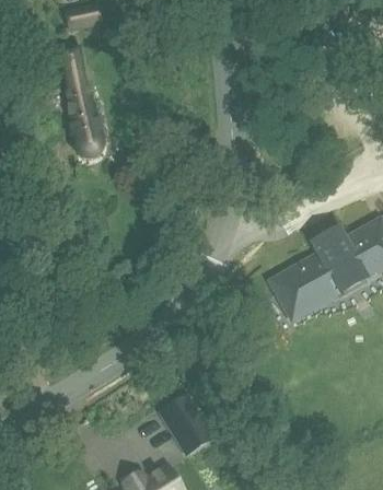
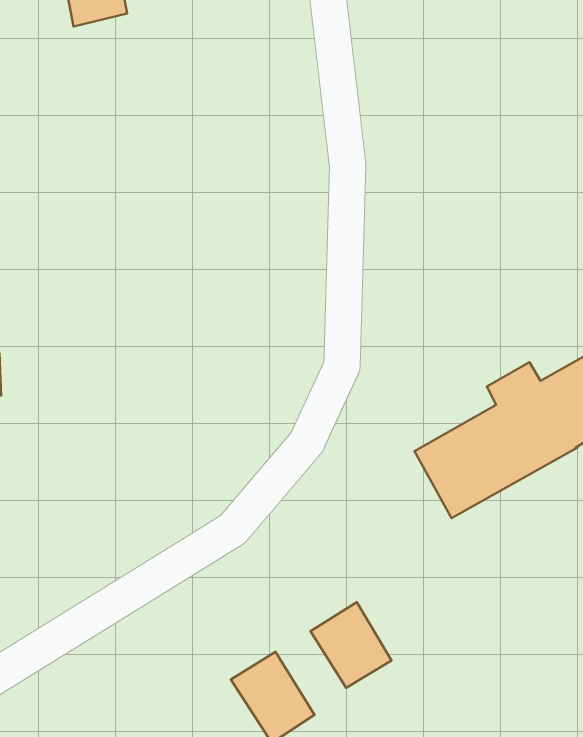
building: [60,50,102,159] -> none
building: none -> [310,602,392,688]

